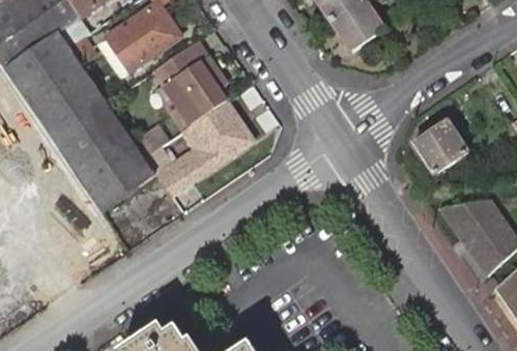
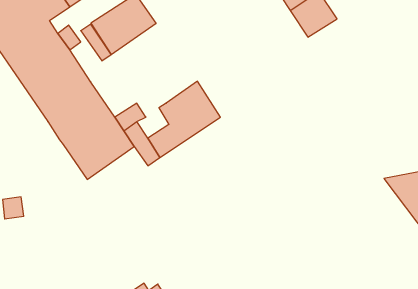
building: [165,58,227,124] -> none
building: [413,119,468,172] -> none

